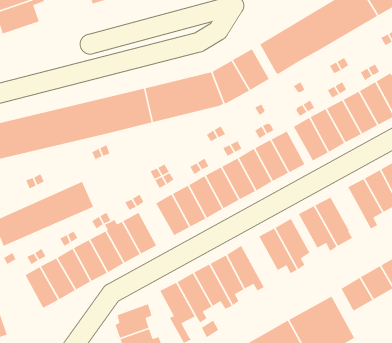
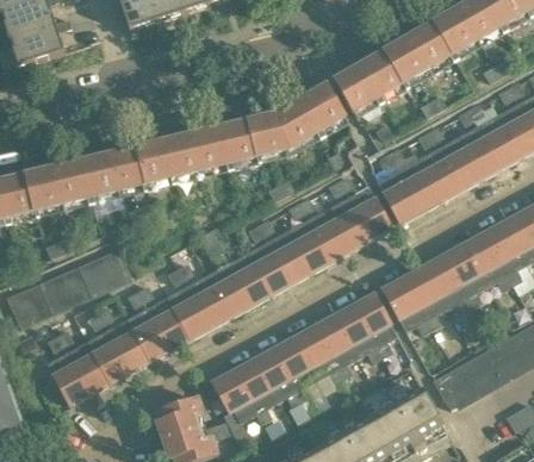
building: none -> [423,254,472,311]
building: none -> [187,274,230,326]
building: none -> [313,314,358,377]

